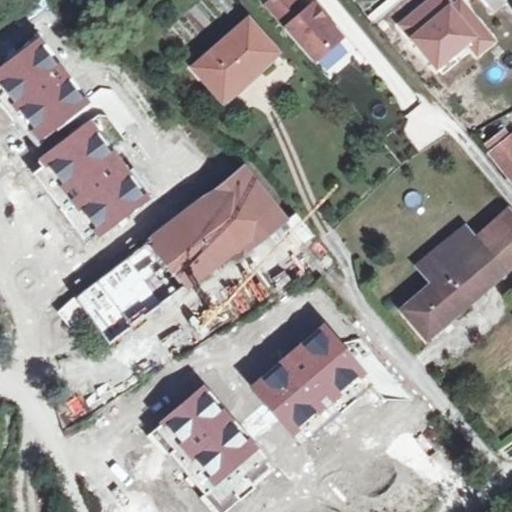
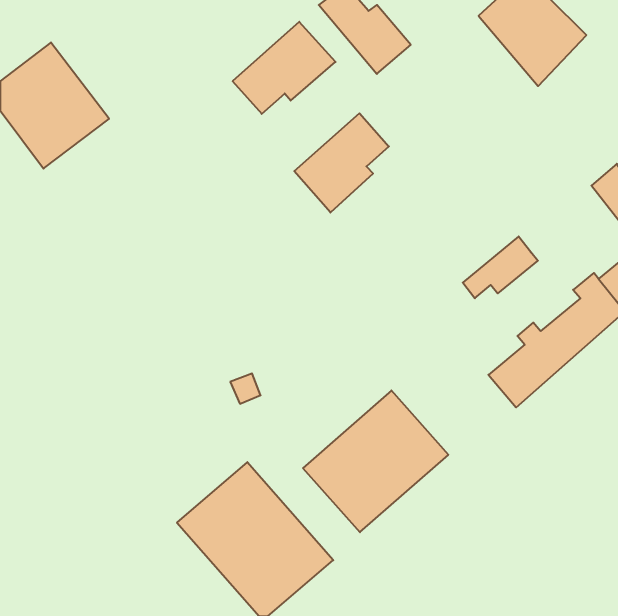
building: none -> [294,113,389,213]
building: [37,120,149,235] -> none
building: [75,166,281,343] -> none
building: [418,226,480,277] -> [463,236,538,298]

